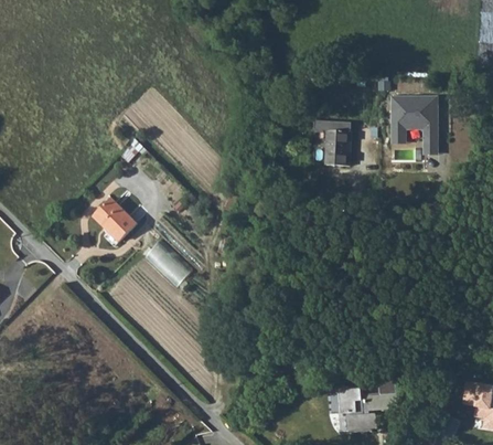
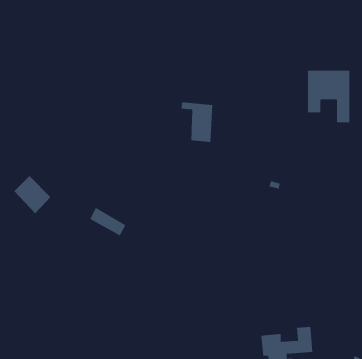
building: [313,121,350,167] -> [180,102,213,143]
building: [95,198,137,241] -> [13,175,51,214]

